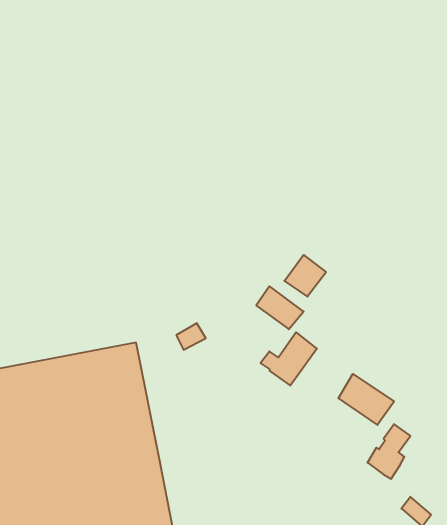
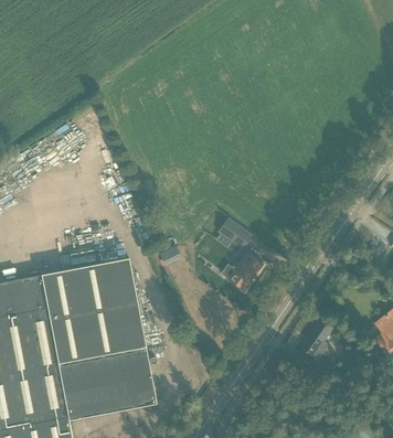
building: [284,255,326,297] -> none
building: [338,374,394,425] -> none

